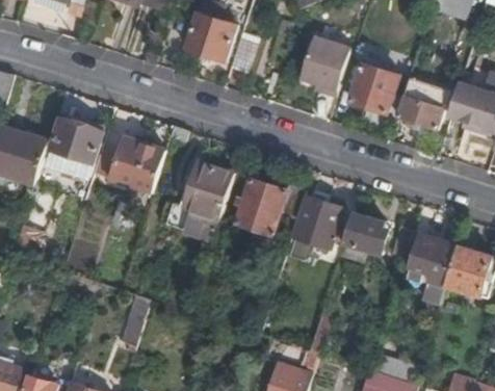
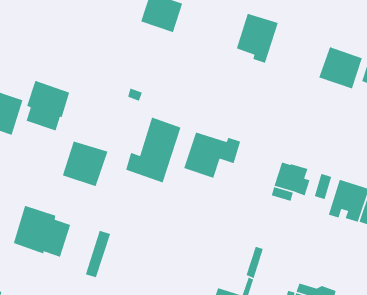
building: [350,63,398,111] -> none
building: [110,137,165,192] -> [62,141,108,187]
building: [294,190,342,247] -> none
building: none -> [13,205,71,258]

